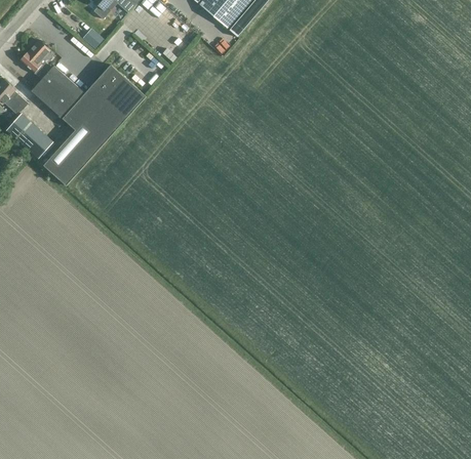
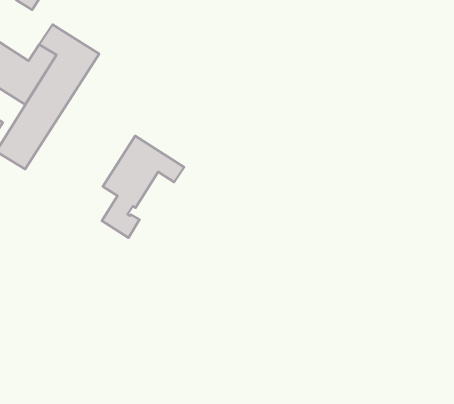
building: none -> [102,136,184,238]

